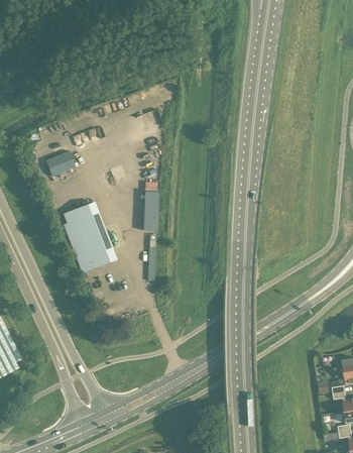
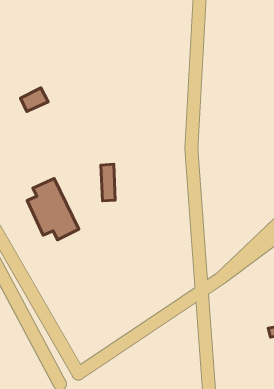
building: [45,150,76,176] -> [21,88,48,112]

